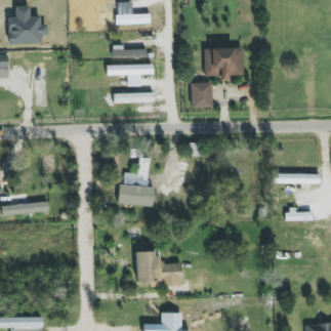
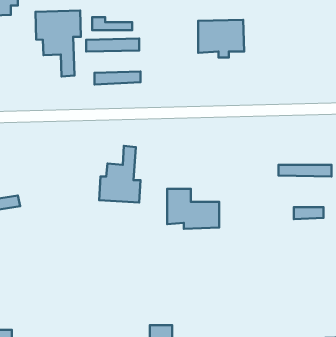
building: none -> [36,11,81,77]
building: [191,82,212,108] -> none
building: [136,251,181,286] -> [167,189,219,229]

